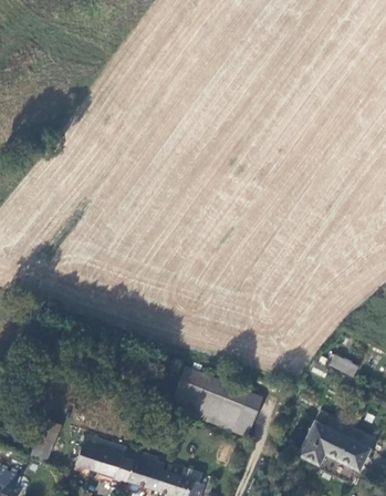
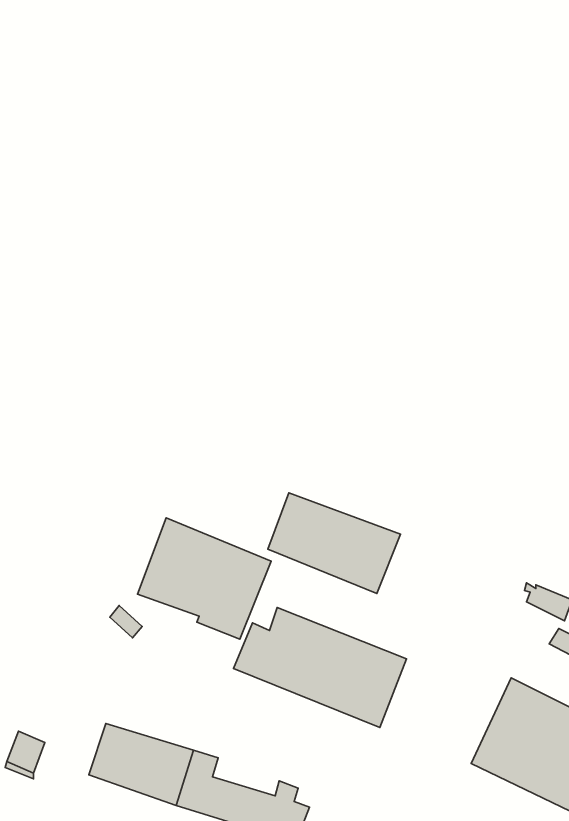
building: none -> [268,493,401,593]
building: none -> [137,518,271,639]

